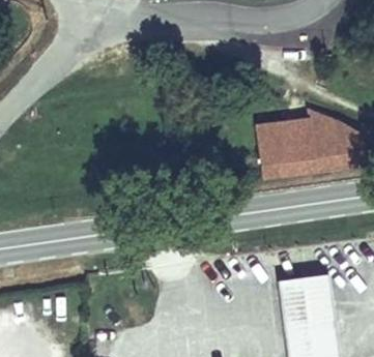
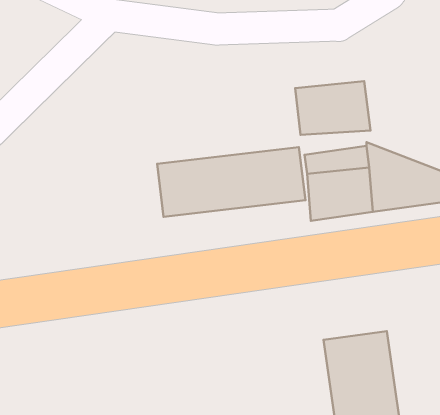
building: none -> [295,81,370,135]
building: none -> [157,147,305,217]

